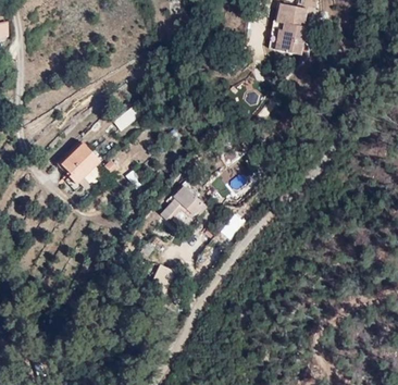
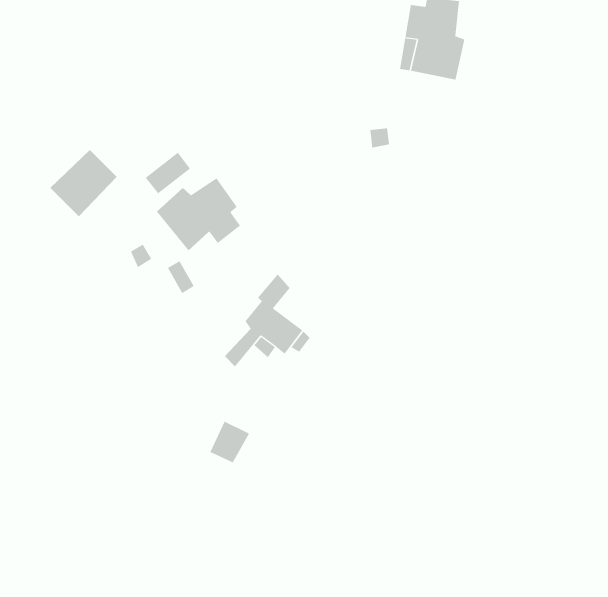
building: none -> [156,178,241,251]
building: [57,146,97,186] -> [49,149,118,217]

